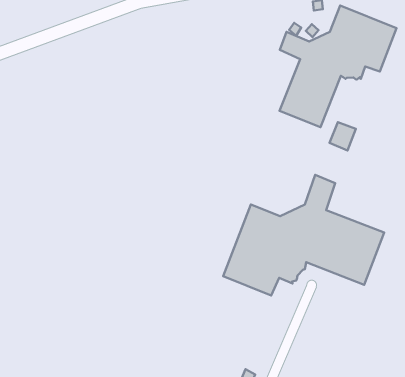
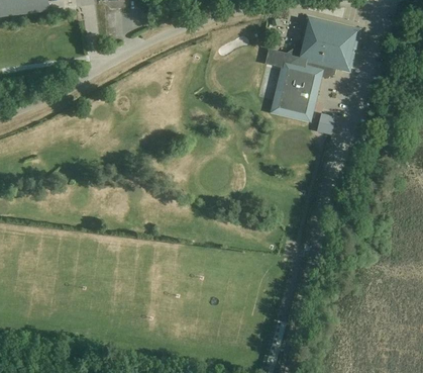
building: [223,175,384,296] -> none

